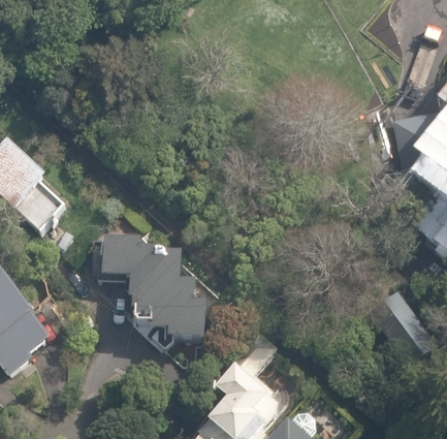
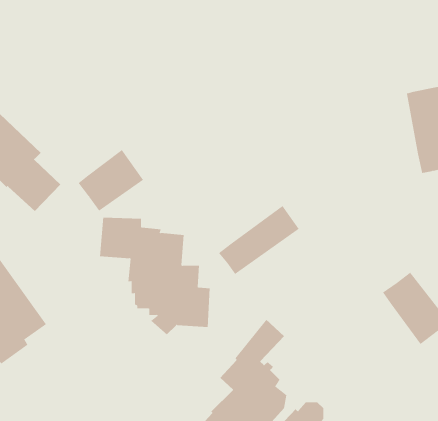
building: none -> [78,149,144,212]
building: none -> [218,205,300,275]

